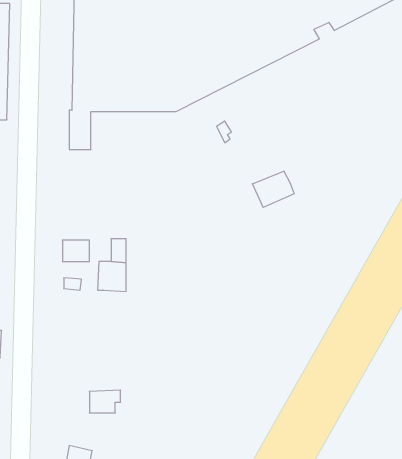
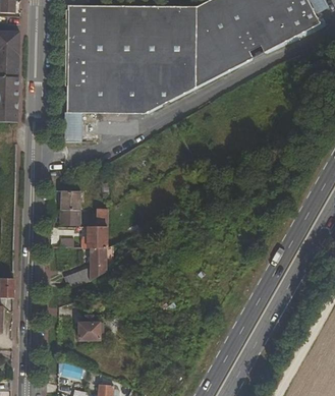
building: [252,171,294,207] -> none
building: none -> [59,191,79,210]
building: none -> [64,247,113,289]

